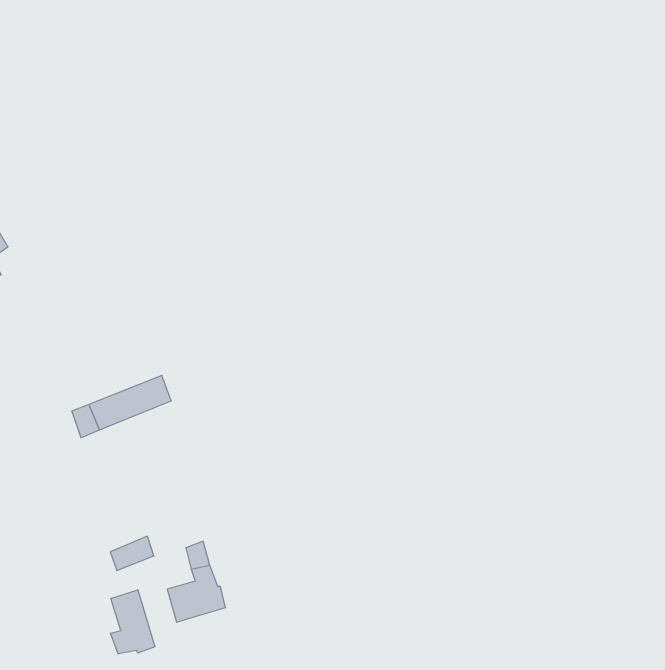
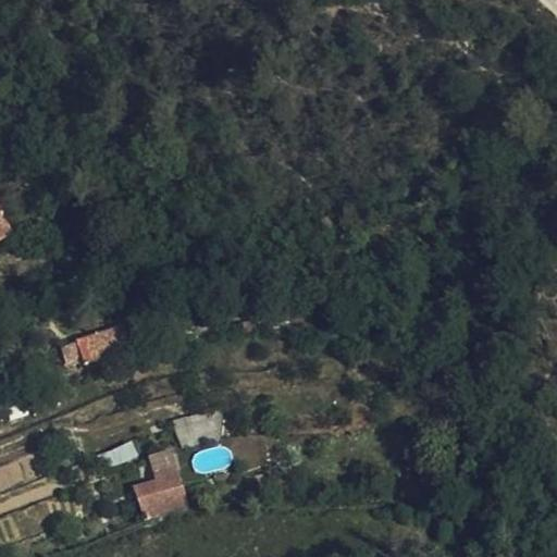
building: [111,590,155,654] -> none

